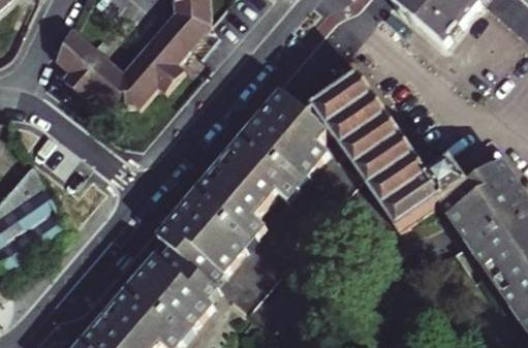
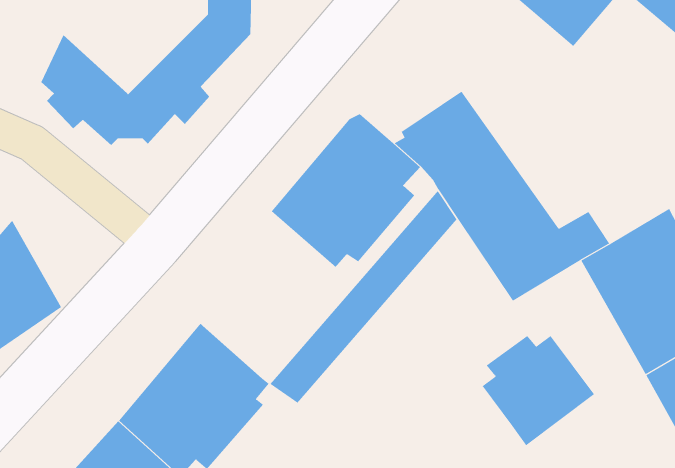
building: [157,158,268,280] -> none
building: none -> [482,335,595,446]

